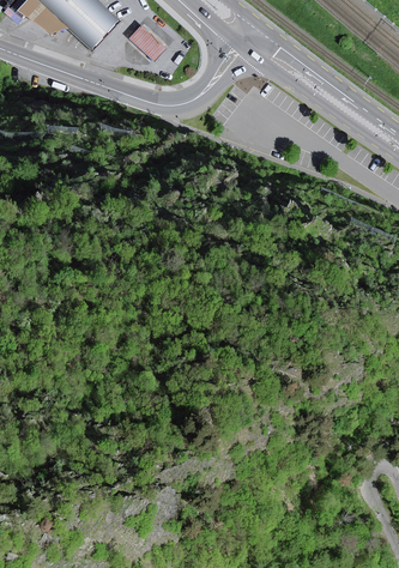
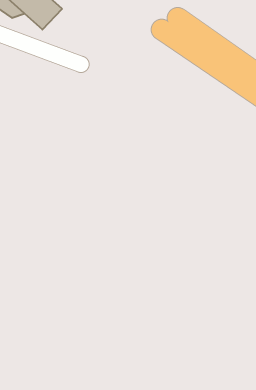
building: [131,24,168,61] -> none

